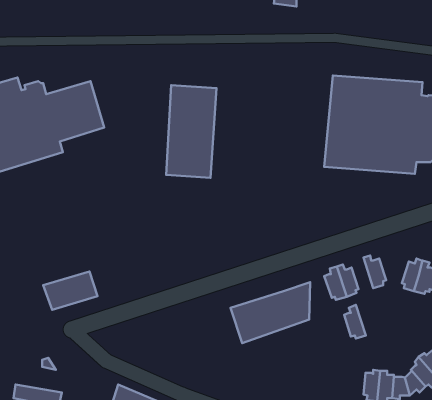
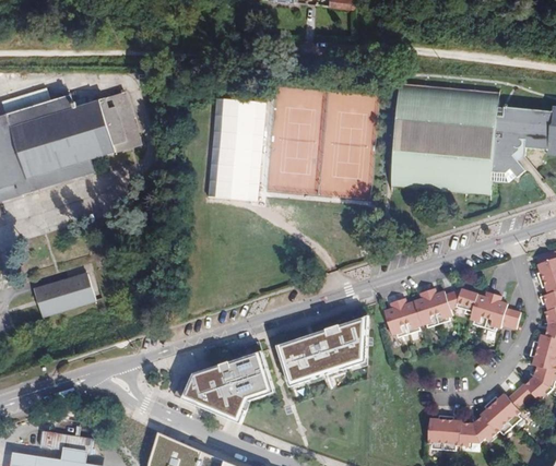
building: none -> [447,288,478,314]
building: [43,271,97,310] -> [33,274,93,316]
building: [344,305,366,338] -> [415,289,439,326]
building: none -> [187,351,275,418]

